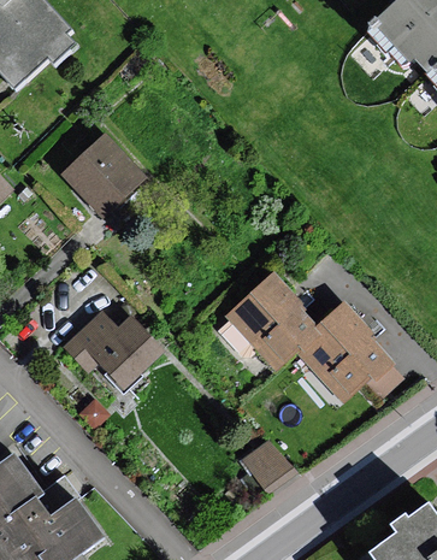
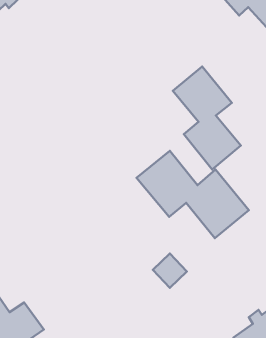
building: [67,135,148,217] -> none
building: none -> [173,66,241,169]
building: [67,312,167,389] -> none

